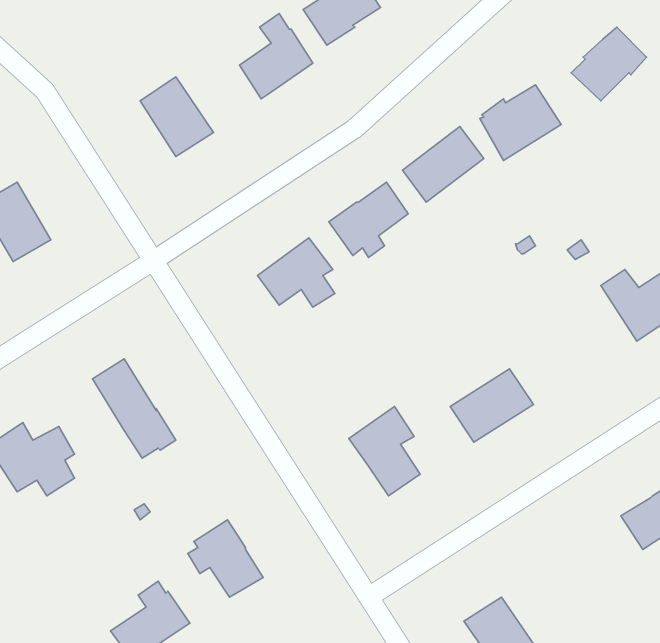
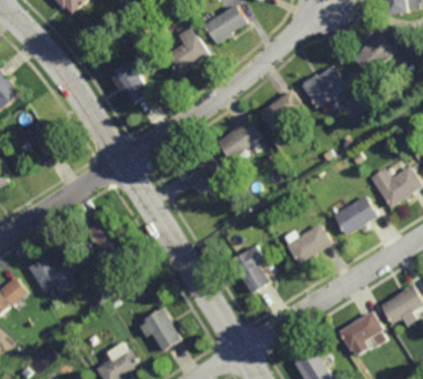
building: none -> [333,196,376,236]
building: none -> [339,311,384,358]

